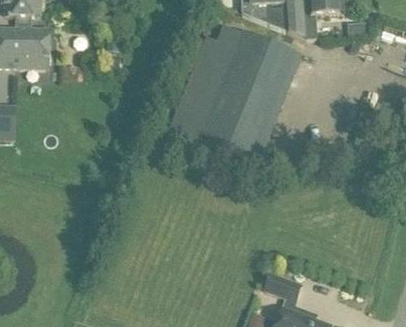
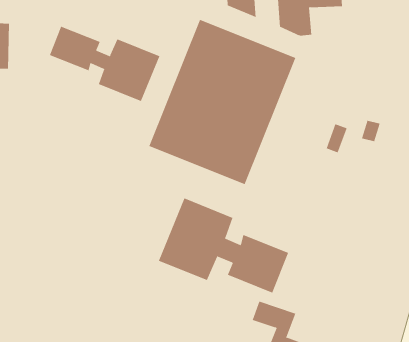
building: none -> [49,26,160,102]
building: none -> [158,198,289,293]

